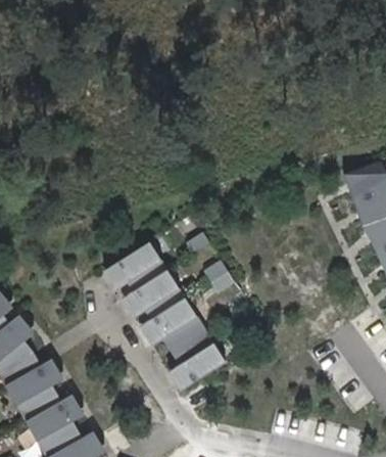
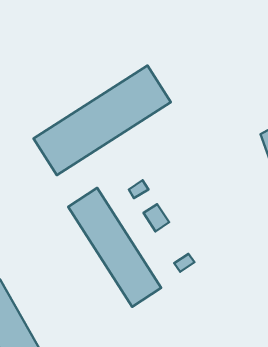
building: none -> [34,65,171,175]

